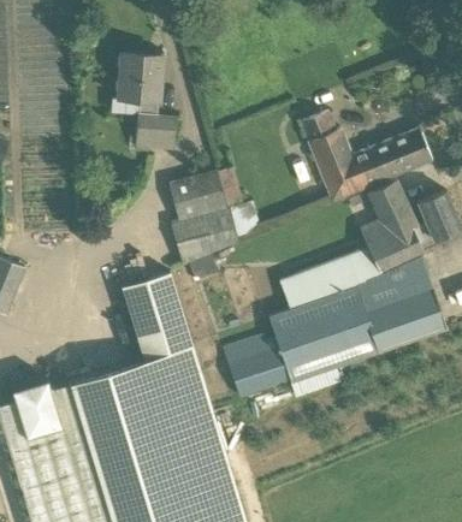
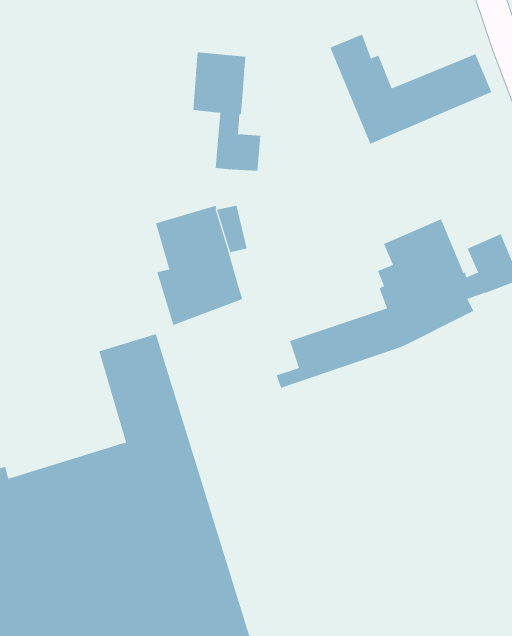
building: [119,52,174,148] -> [193,52,261,171]
building: [302,113,433,202] -> [330,34,492,144]
building: [224,255,448,414] -> none

